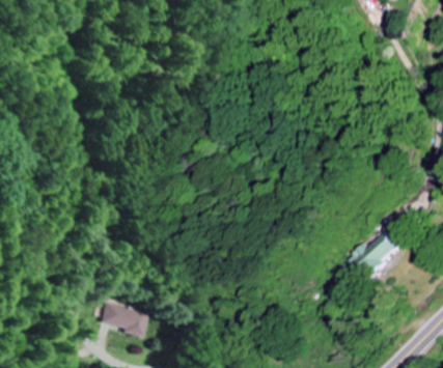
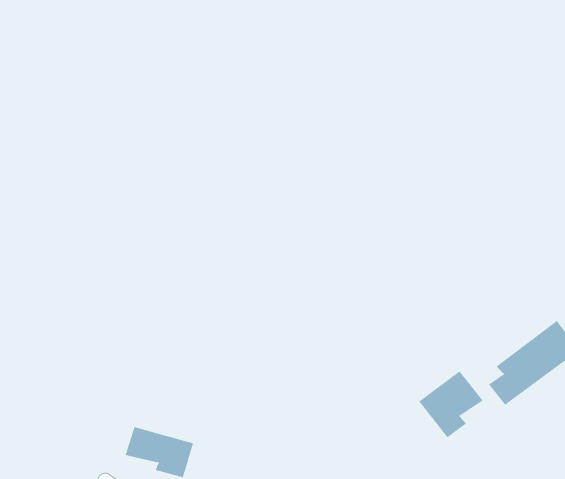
building: none -> [419,370,483,438]

